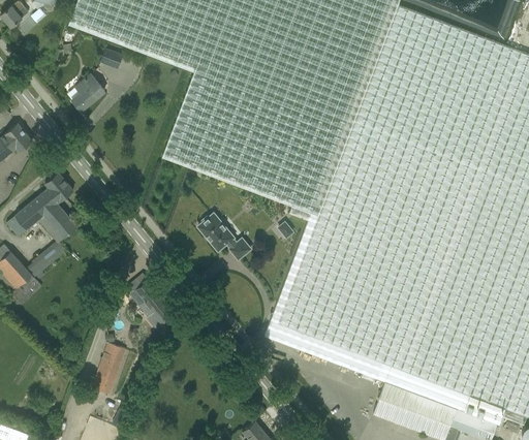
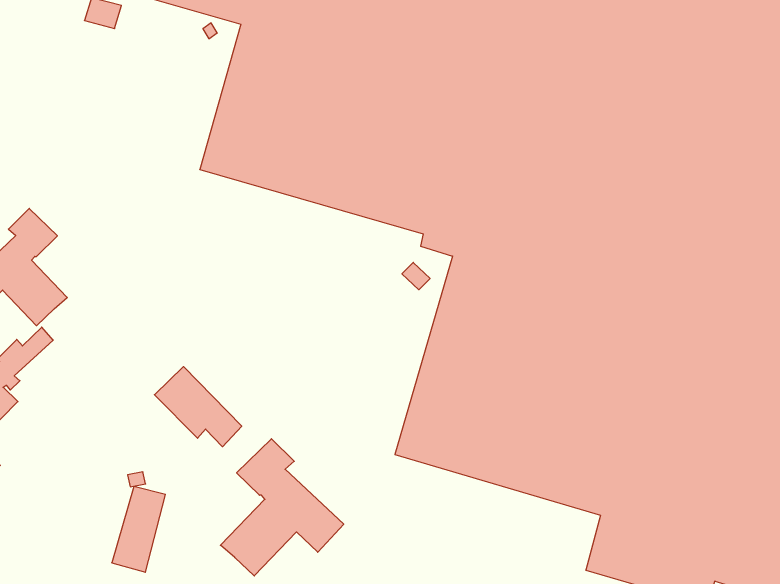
building: [68,73,105,109] -> none
building: [199,213,251,258] -> none
building: none -> [220,439,344,576]

